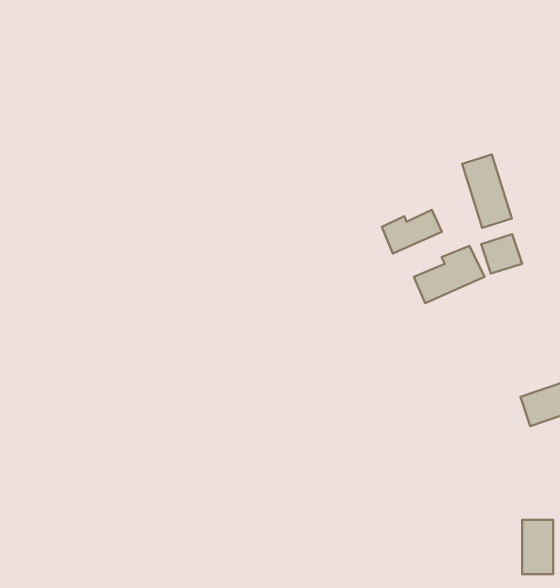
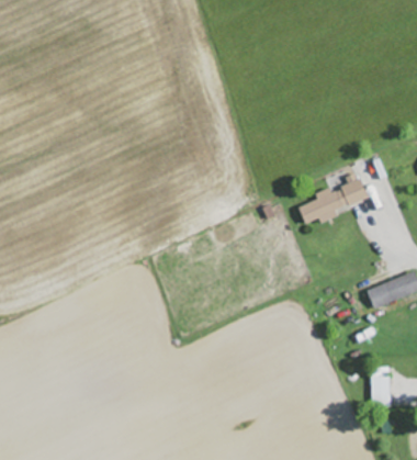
building: [462,154,512,228] -> none
building: [382,210,442,254] -> none

